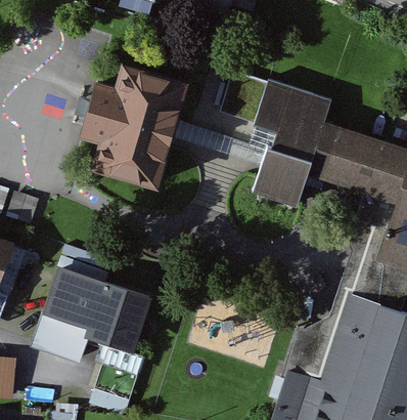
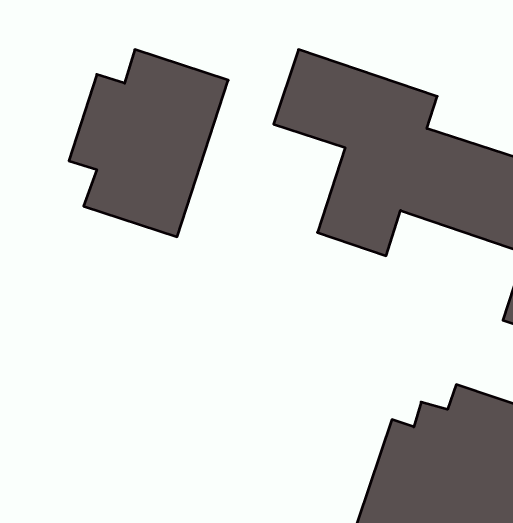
building: [34,265,152,364] -> none

